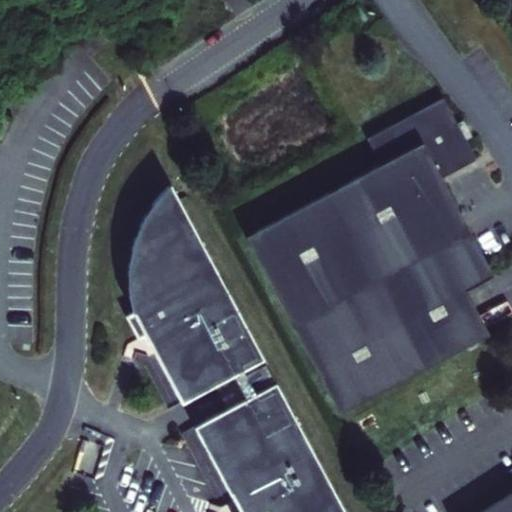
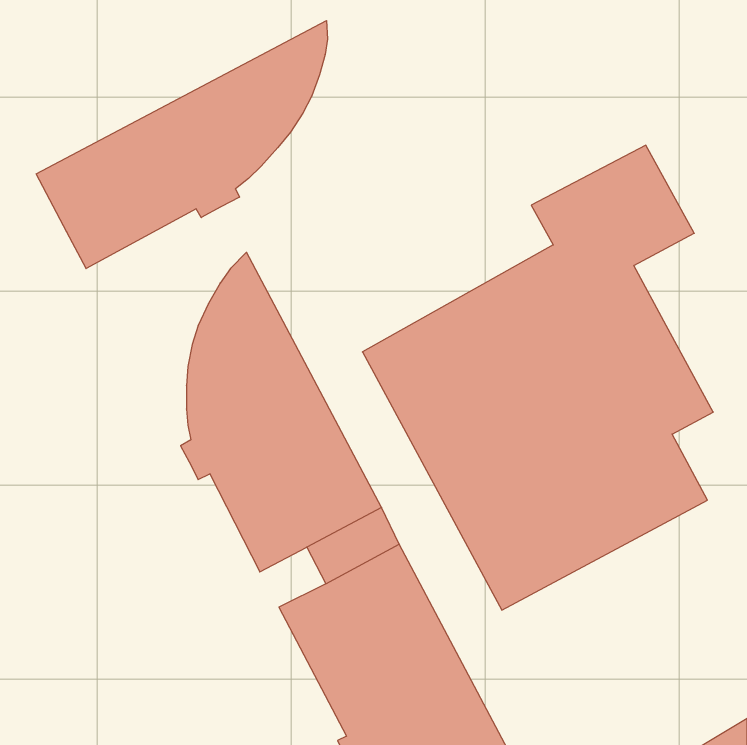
building: none -> [36,21,328,269]

